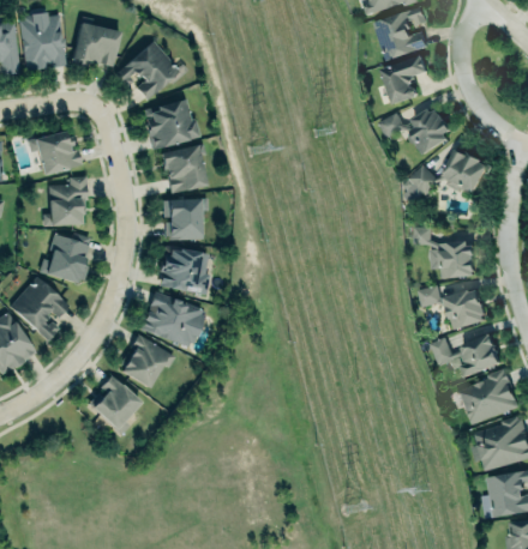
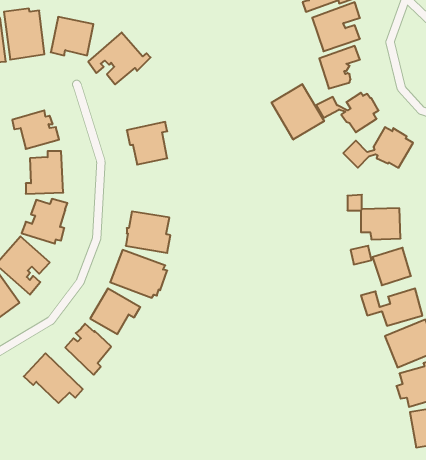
building: [143,98,197,149] -> none
building: none -> [272,84,324,140]
building: [162,198,209,241] -> none
building: none -> [24,353,83,403]

